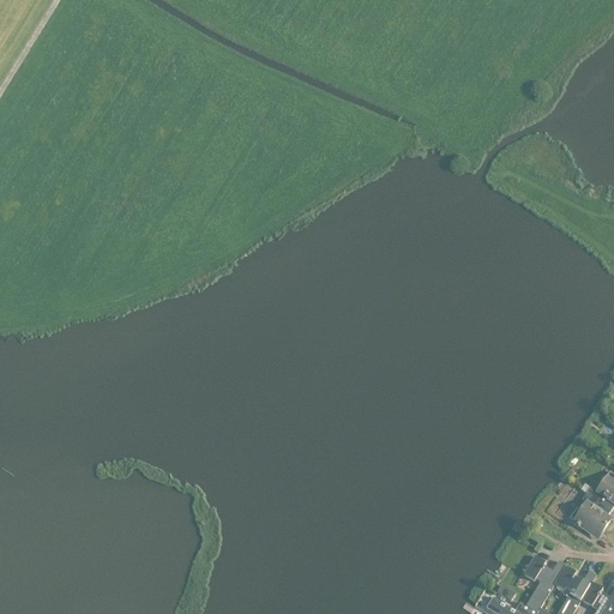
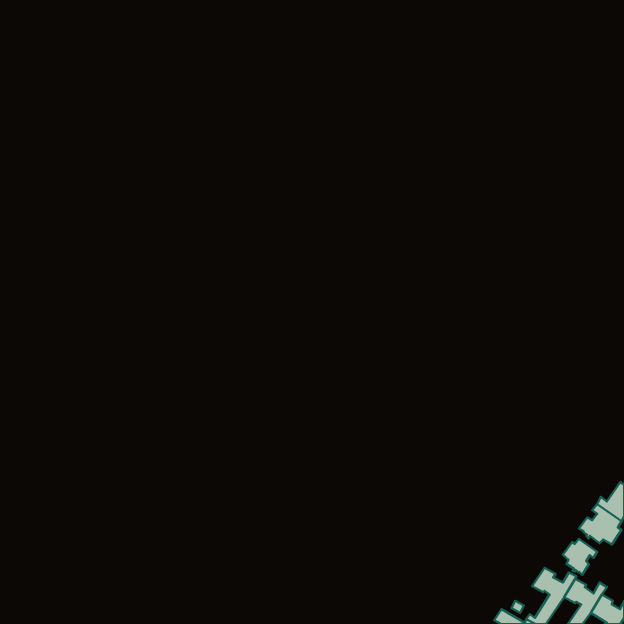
building: none -> [563,539,597,575]

